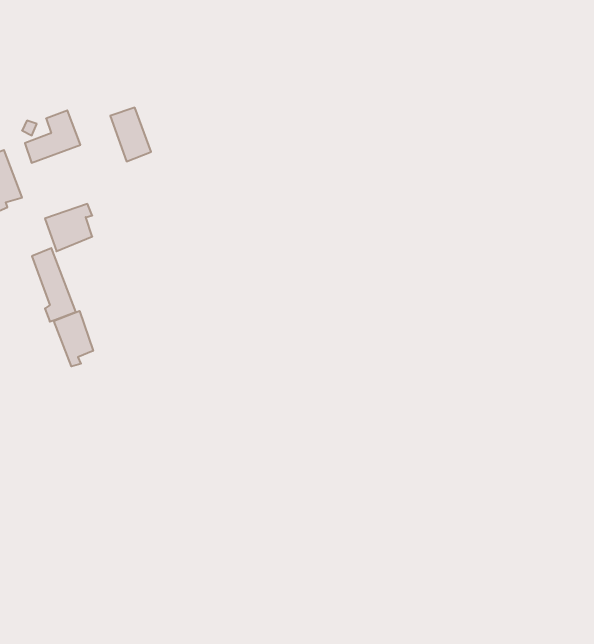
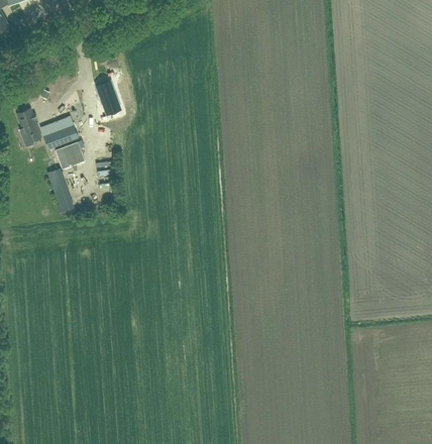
building: [25,110,80,163] -> [43,115,78,147]
building: [54,311,93,366] -> none

